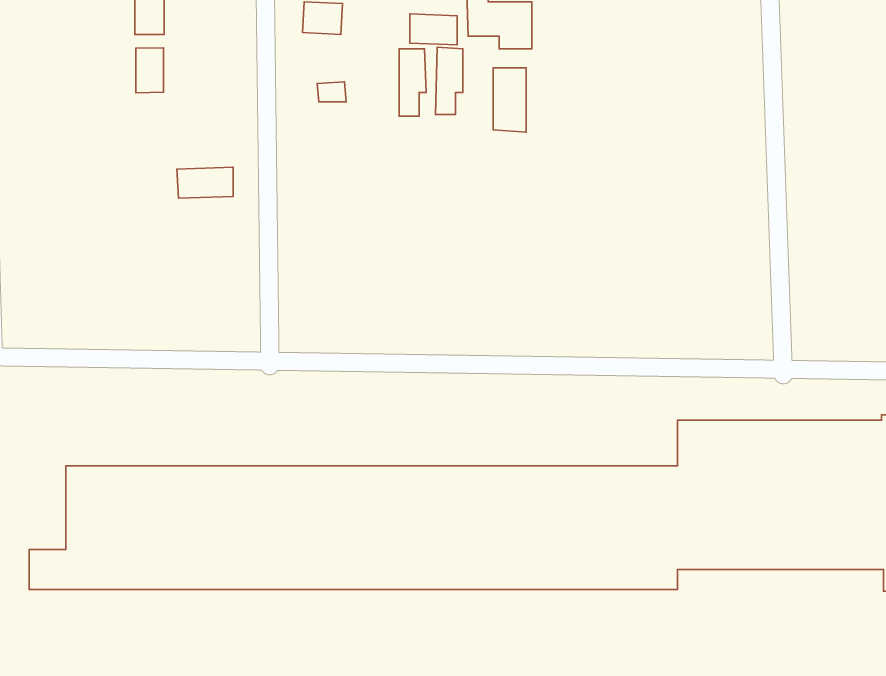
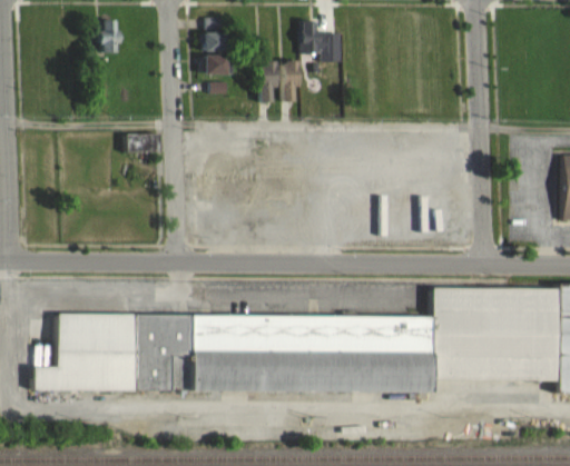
building: [410,14,457,45] -> [205,54,234,73]
building: [136,48,164,93] -> none
building: [493,68,526,132] -> none

